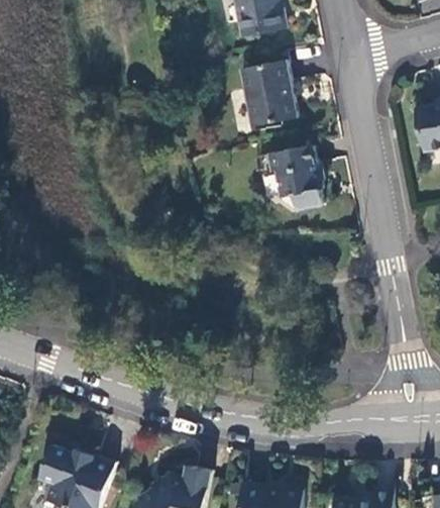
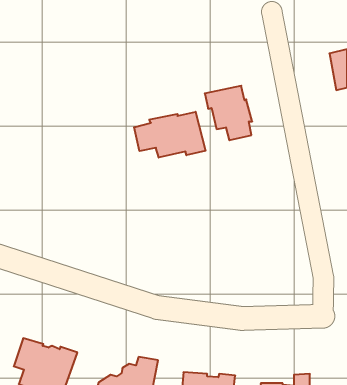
building: [239,61,296,126] -> none
building: none -> [134,112,206,158]

